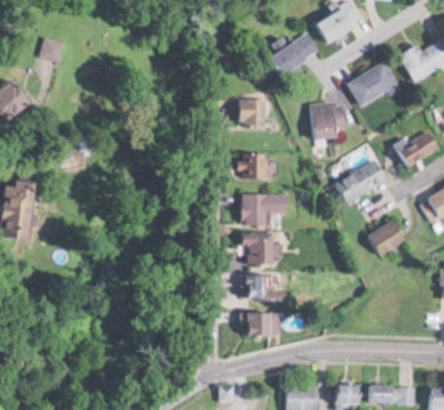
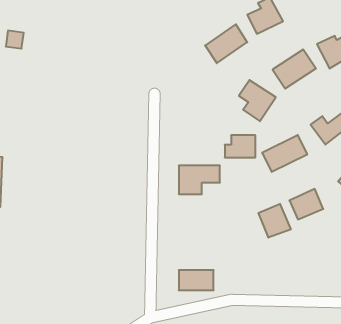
building: [238,99,266,126] -> none
building: [235,154,270,179] -> [225,135,255,157]
building: [237,237,278,262] -> none
building: none -> [258,204,291,238]
building: [250,274,288,301] -> none

